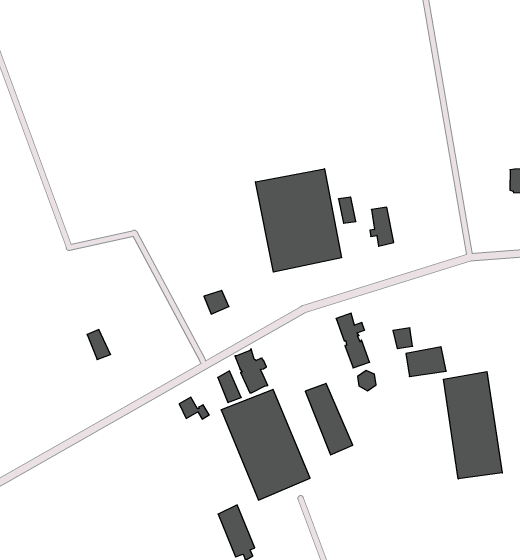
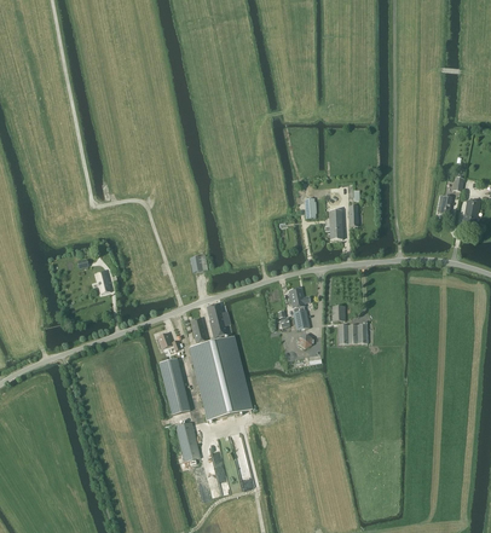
building: [256,169,341,272] -> none
building: [443,372,502,479] -> none
building: [305,383,353,455] -> [160,358,190,413]

